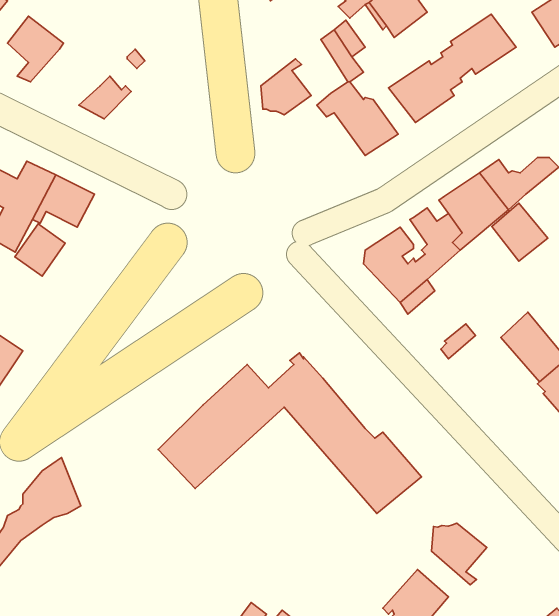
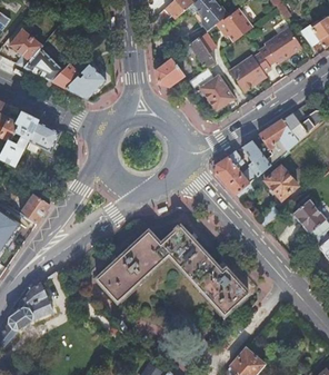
building: none -> [23,48,63,80]
building: none -> [66,63,106,99]
building: [492,203,548,261] -> [265,166,297,199]
building: [15,224,65,276] -> [20,193,49,223]
building: [431,523,487,585] -> none

